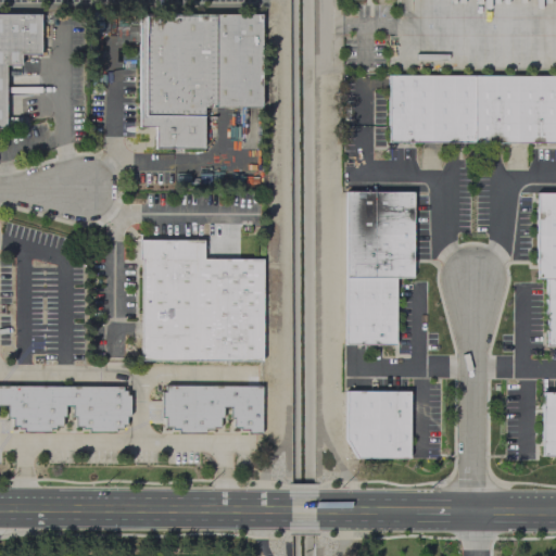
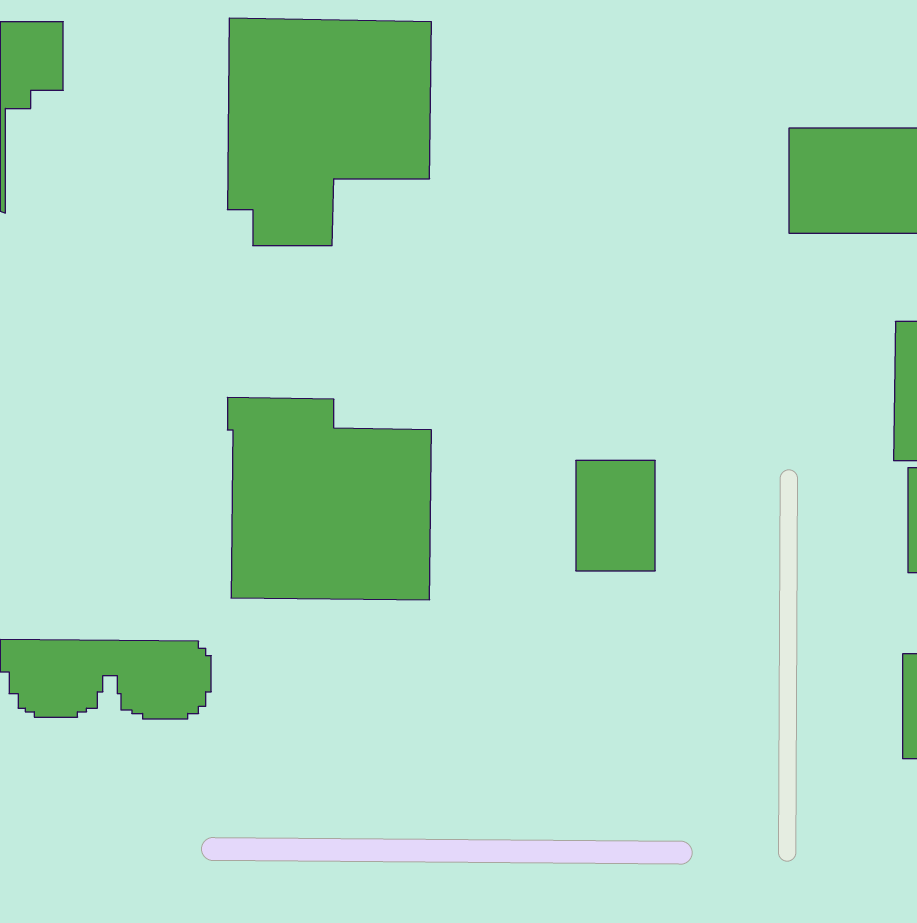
building: [392,76,478,140] -> none
building: [350,193,415,277] -> none
building: [162,384,263,434] -> none
building: [350,393,413,458] -> none

